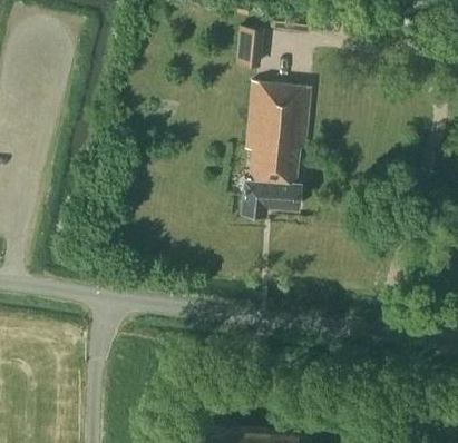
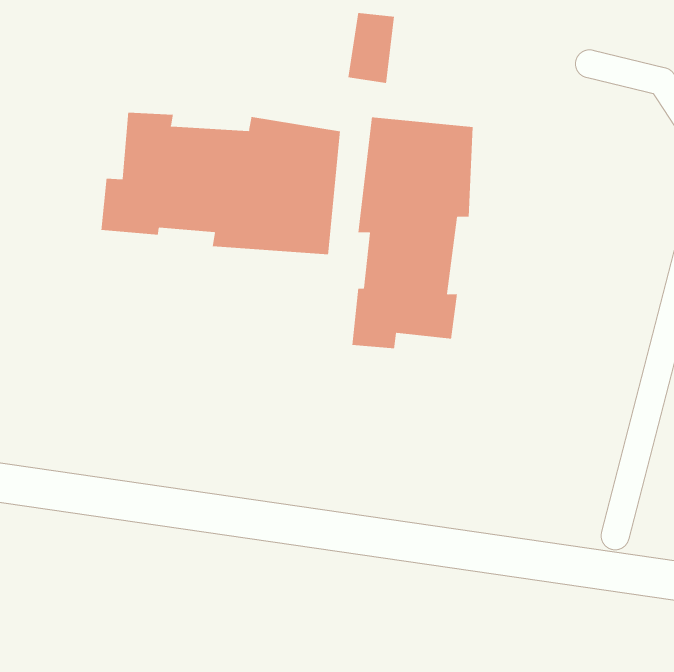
building: none -> [101,112,341,255]

